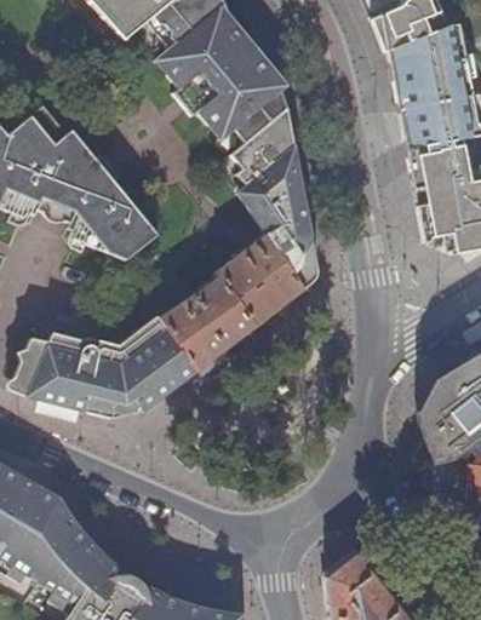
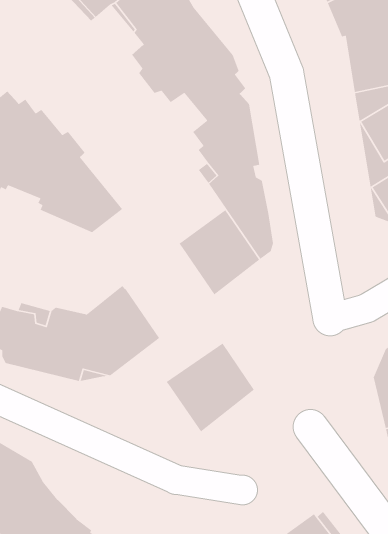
building: [160,275,254,369] -> [165,343,255,432]

